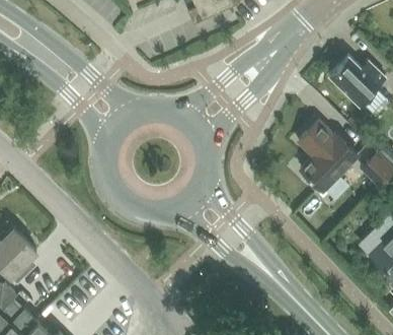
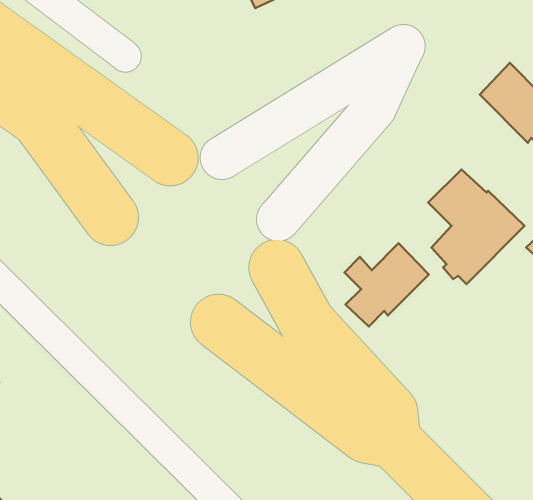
building: none -> [344,243,429,326]

